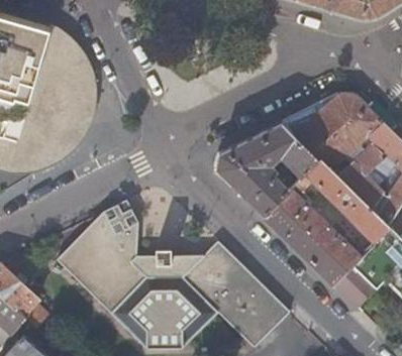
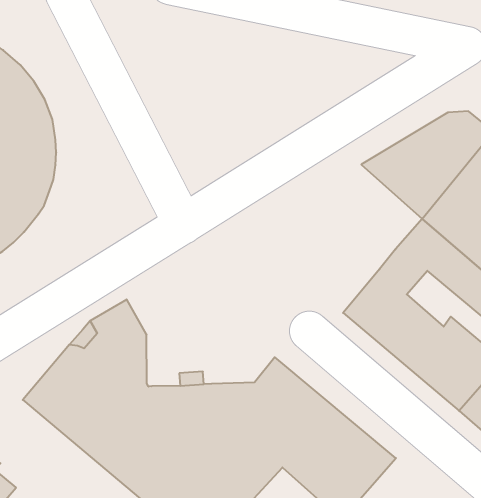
building: [215,123,318,217] -> none

